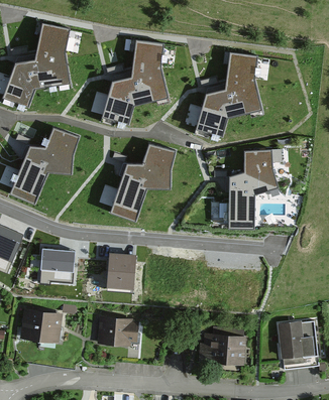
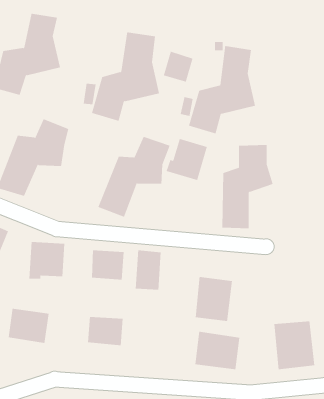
building: none -> [163,51,193,82]
building: none -> [166,138,208,181]
building: none -> [135,249,161,290]
building: none -> [195,276,233,322]

